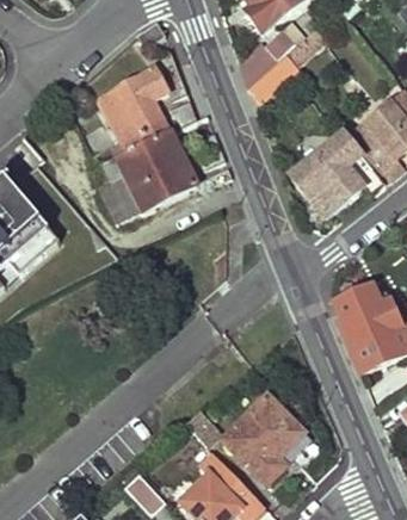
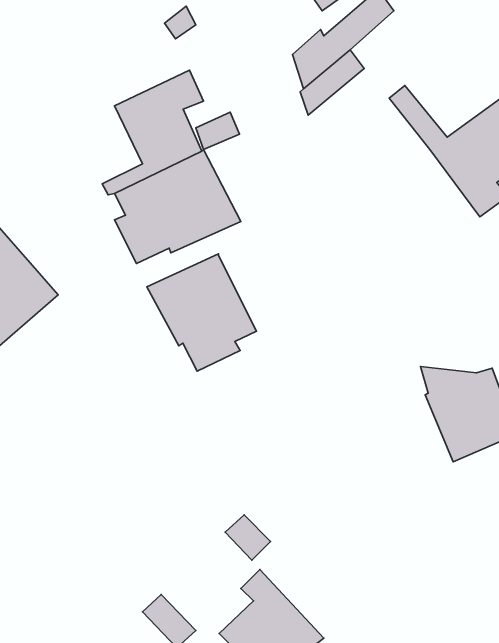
building: [291,131,382,216] -> none
building: none -> [147,254,256,371]
building: [223,394,312,484] -> none

